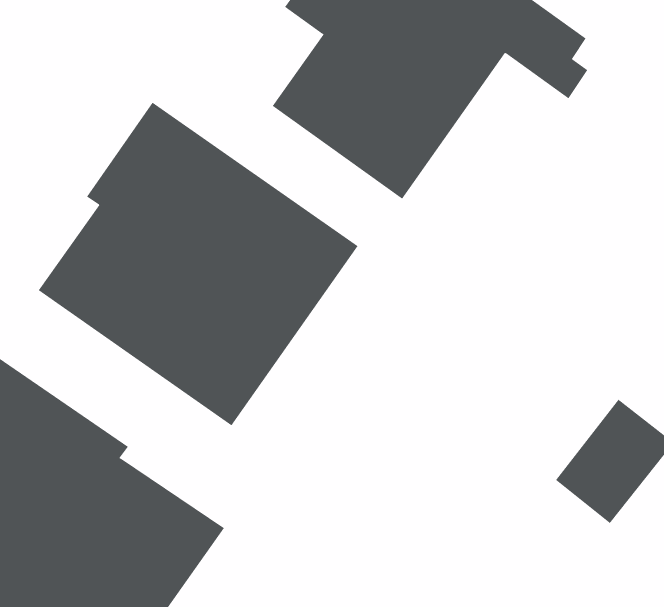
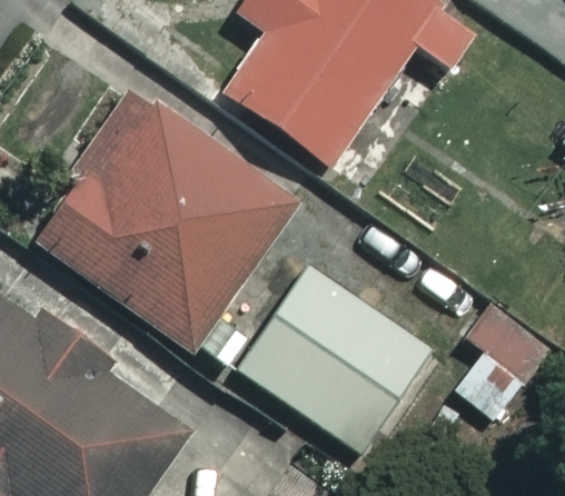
building: none -> [218,265,435,455]

